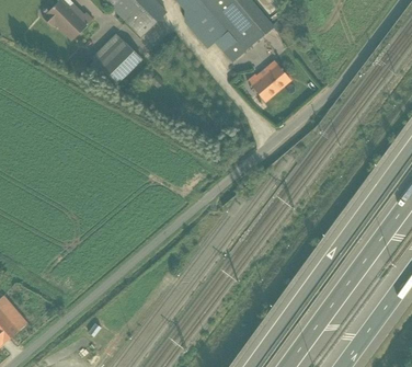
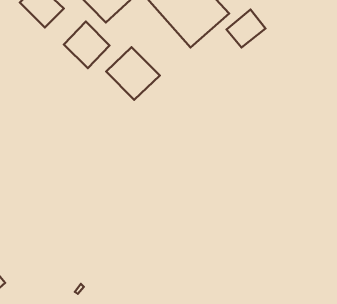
building: [248,59,290,101] -> [227,10,265,47]
building: none -> [106,47,160,100]

